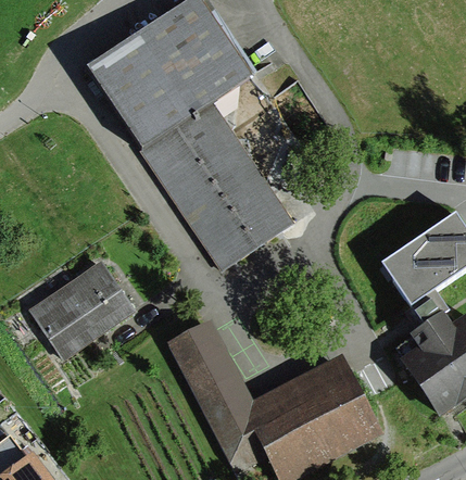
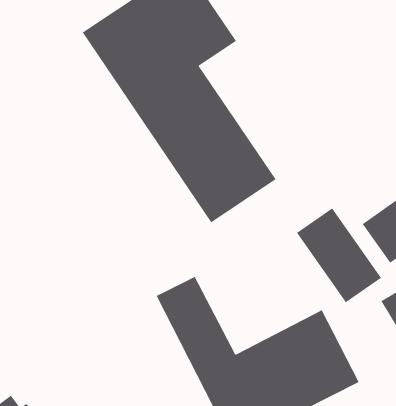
building: none -> [296,208,382,303]
building: [30,261,136,357] -> none

